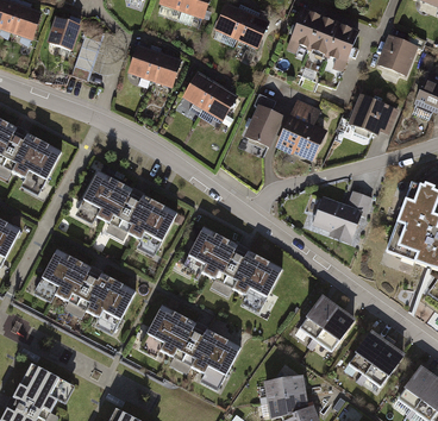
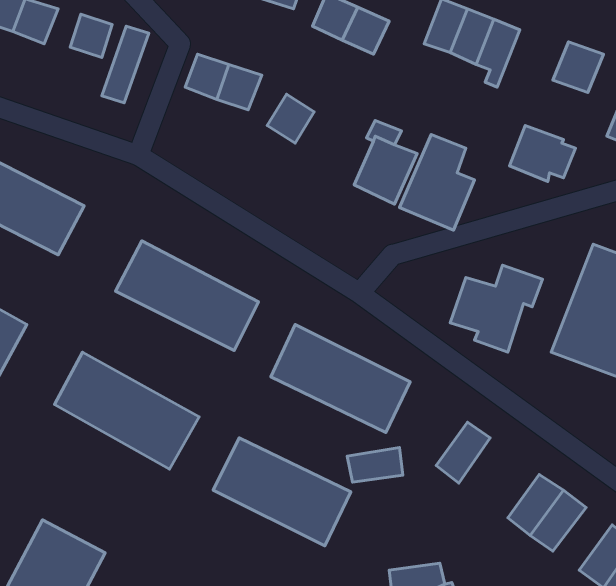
building: [204,84,236,118] -> none
building: [315,307,353,348] -> none
building: [264,373,302,397] -> [347,447,403,482]

